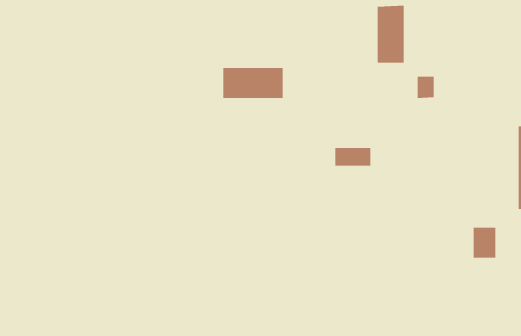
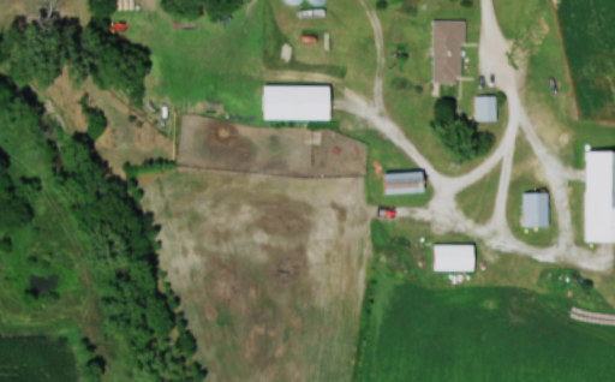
building: none -> [436,245,476,270]
building: [473,227,496,258] -> [523,192,548,226]

